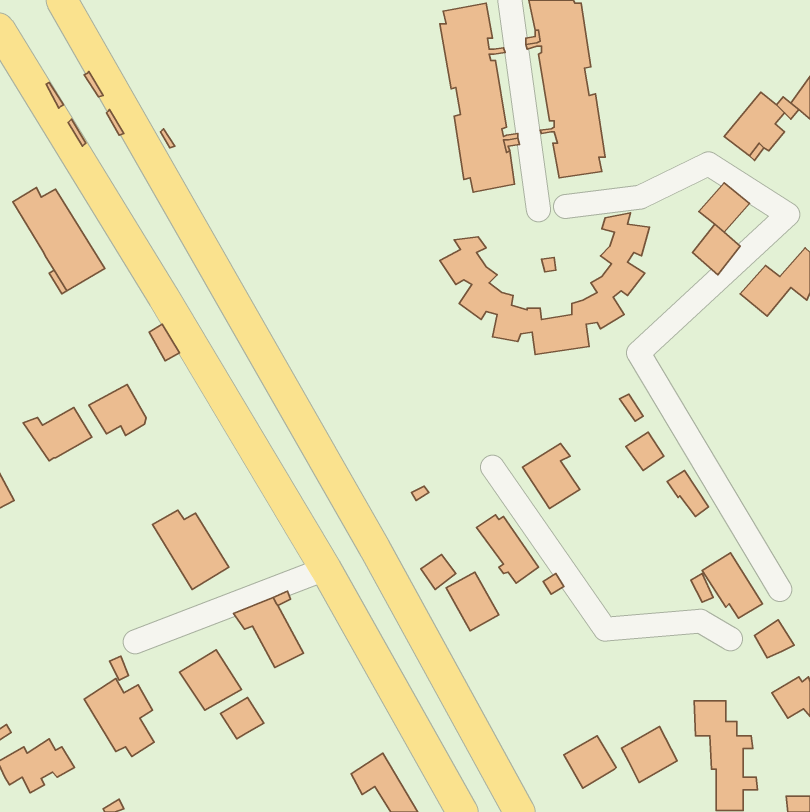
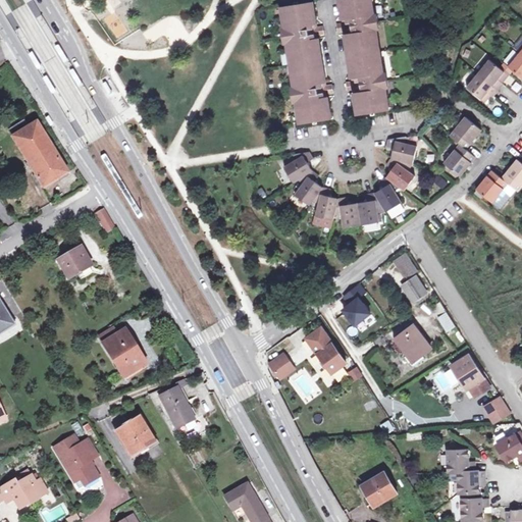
building: [23,407,92,461] -> none
building: none -> [398,325,431,359]
building: [221,698,264,739] -> none
building: [622,727,677,782] -> none

